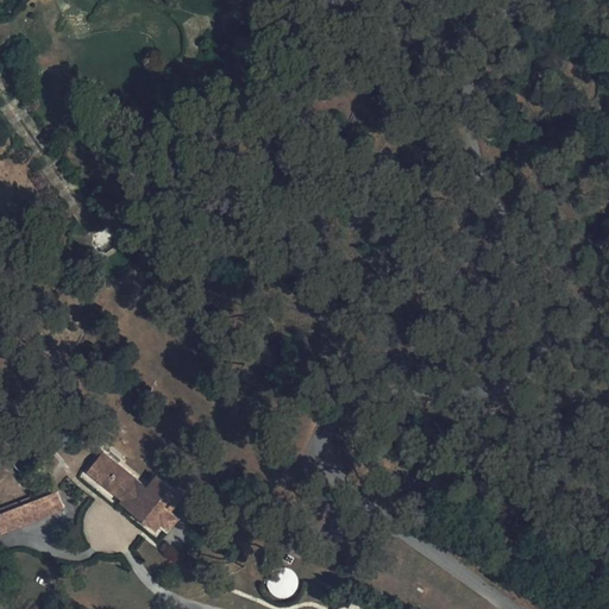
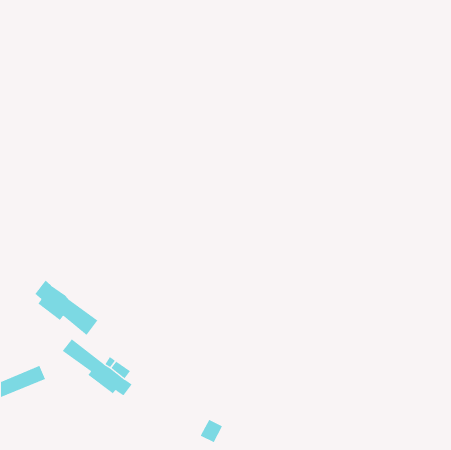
building: none -> [35,280,98,336]

